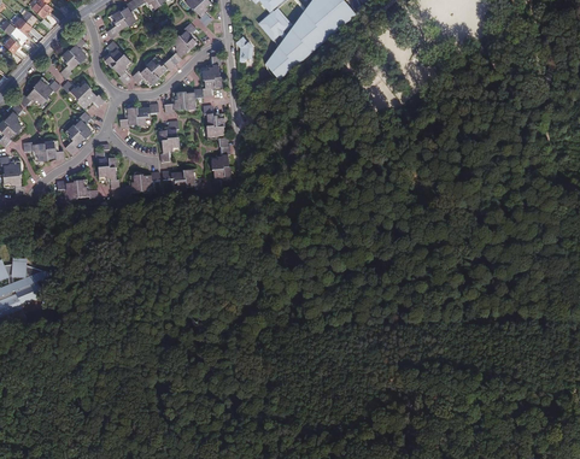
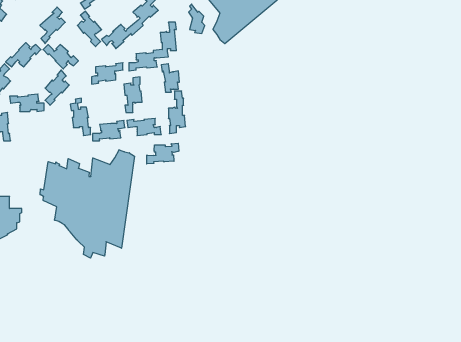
building: [55,178,96,199] -> none
building: none -> [147,143,179,164]
building: none -> [40,150,134,258]

